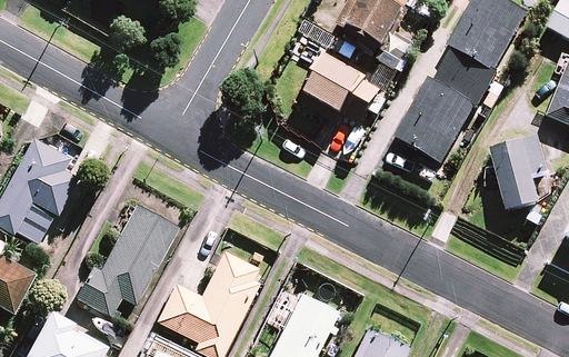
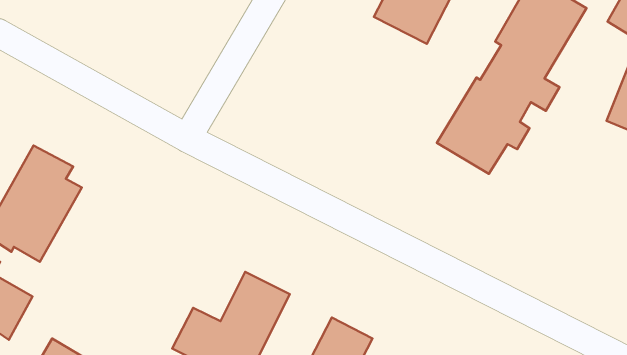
building: [306,58,390,125] -> none
building: [491,138,548,211] -> none
building: [78,205,179,316] -> none

